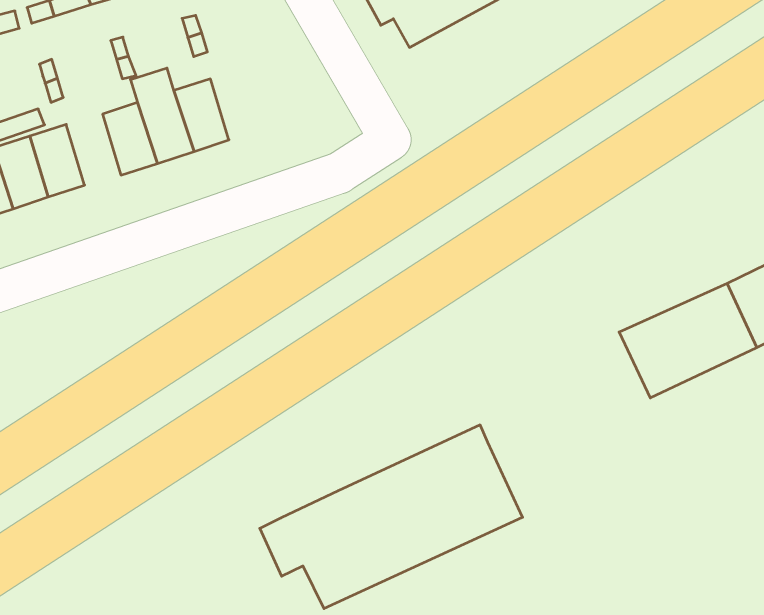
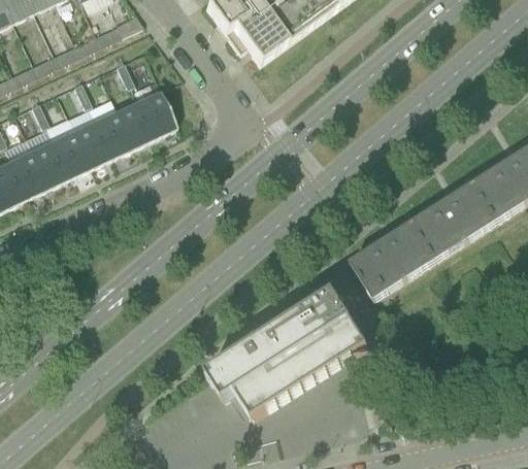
building: none -> [137,89,175,135]
building: none -> [52,130,90,175]
building: none -> [350,222,436,299]

